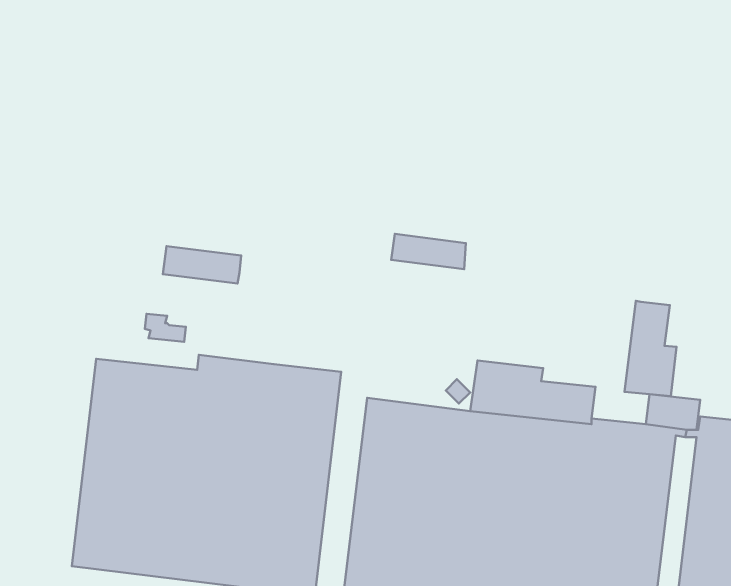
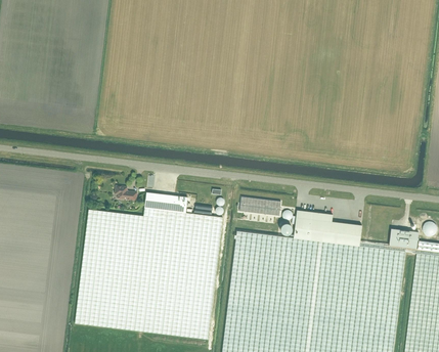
building: [391,234,466,269] -> [239,196,280,216]
building: [163,246,241,284] -> [144,192,187,213]
building: [625,301,676,396] -> none

